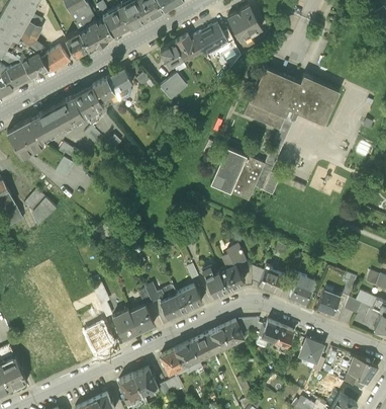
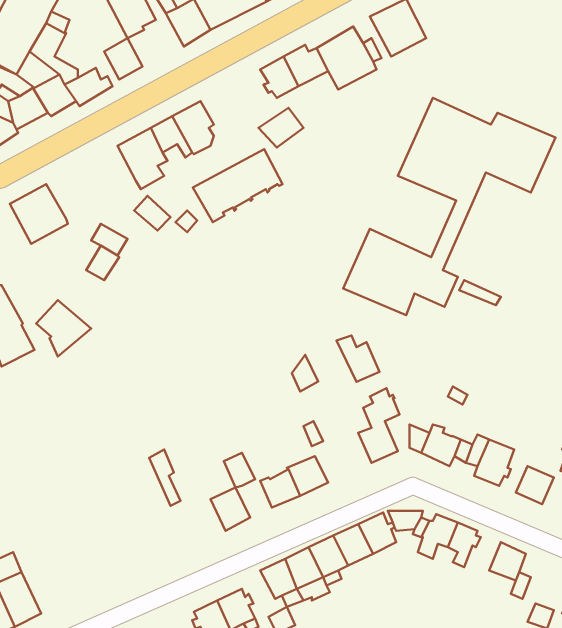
building: [80,17,114,48] -> none
building: [30,96,85,141] -> [193,149,282,222]
building: [202,267,228,296] -> [337,335,380,382]
building: [113,309,139,338] -> none
building: [87,324,112,351] -> none

